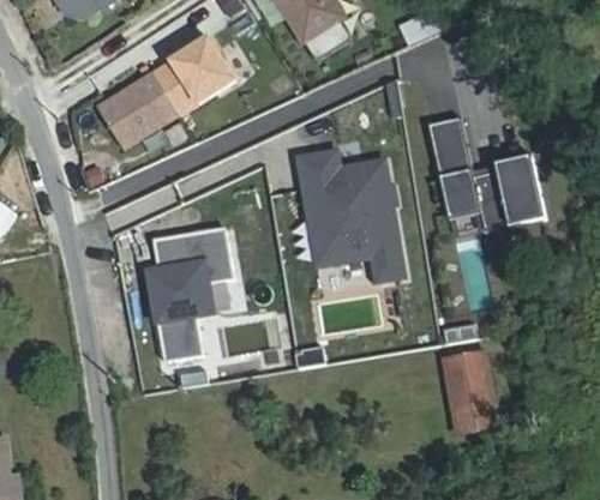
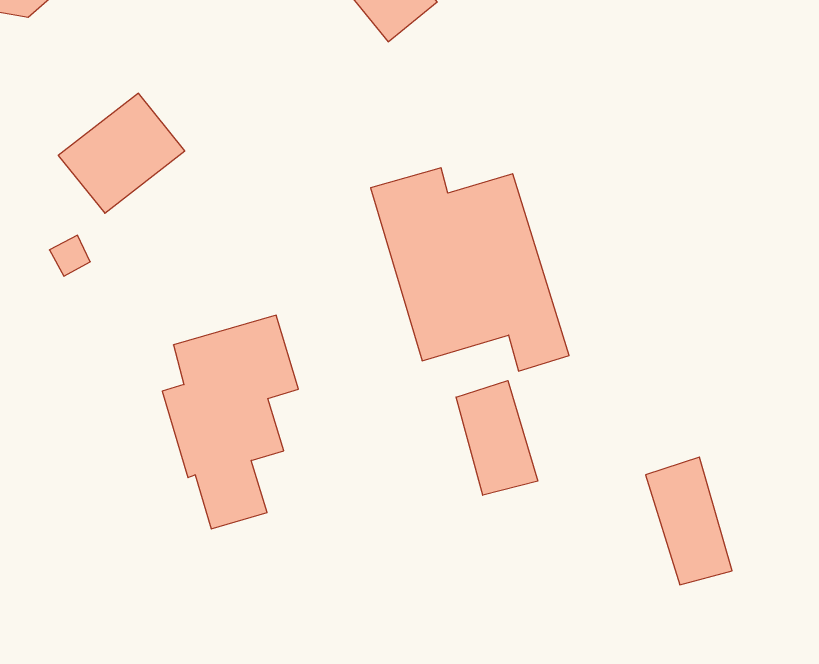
building: [151,40,233,115] -> none
building: [427,115,544,236] -> none
building: none -> [456,381,538,495]

